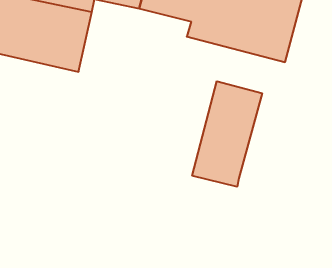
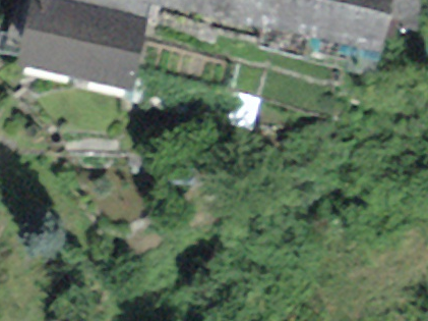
building: [192,81,262,187] -> none

